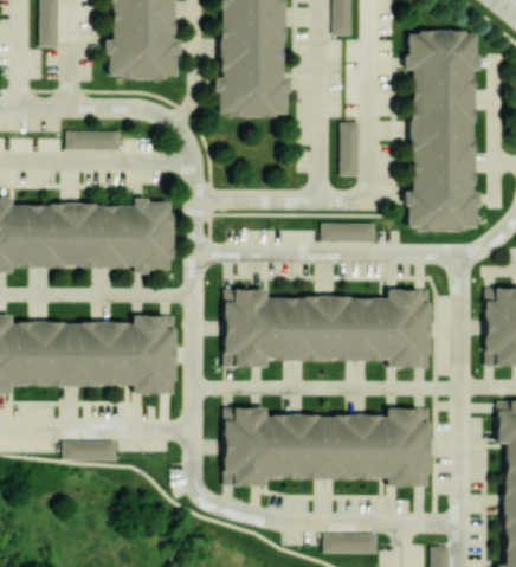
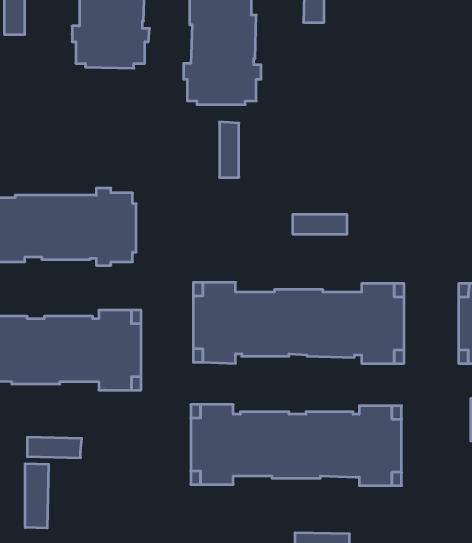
building: [402,31,480,228] -> none
building: [341,122,360,176] -> [219,122,239,177]
building: [66,131,121,152] -> none
building: none -> [25,464,49,528]

